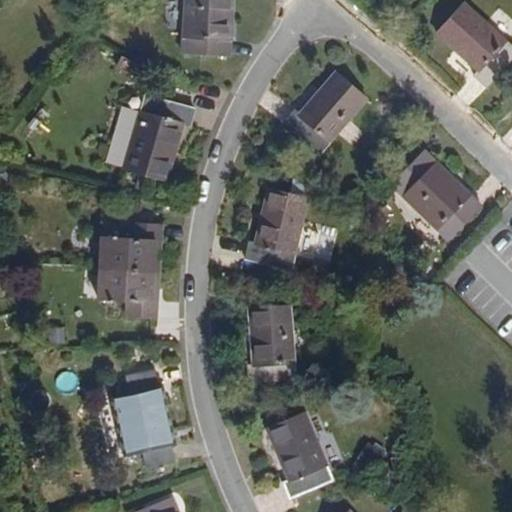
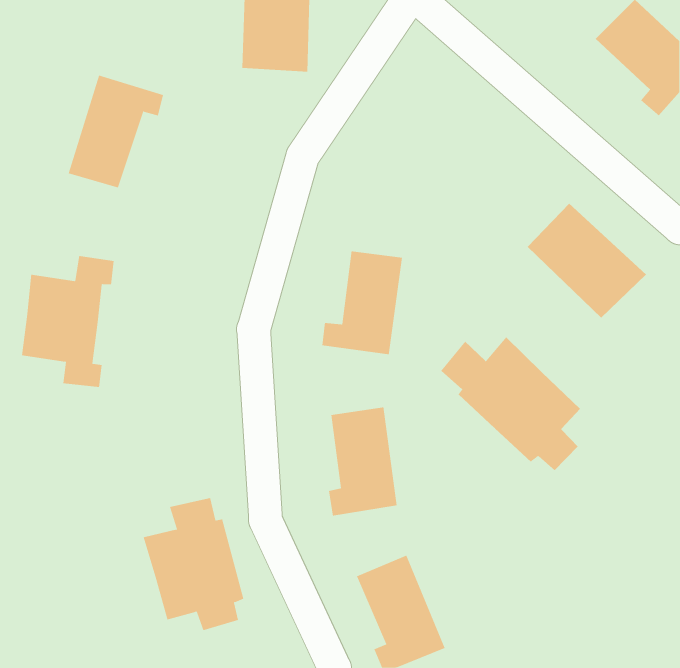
building: [279,67,367,151] -> none
building: [121,91,193,176] -> [68,75,164,188]
building: [94,227,164,326] -> [21,255,114,387]
building: none -> [441,337,581,471]

